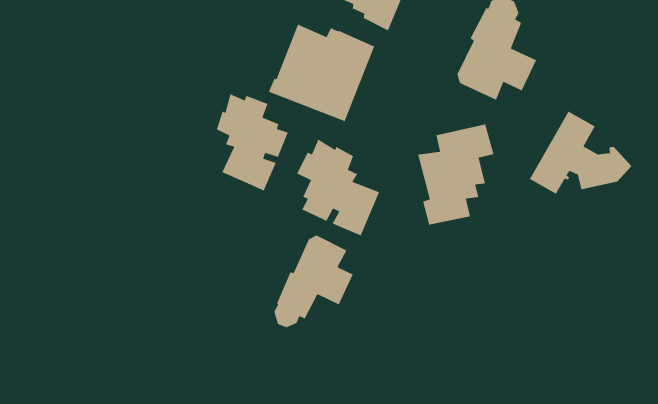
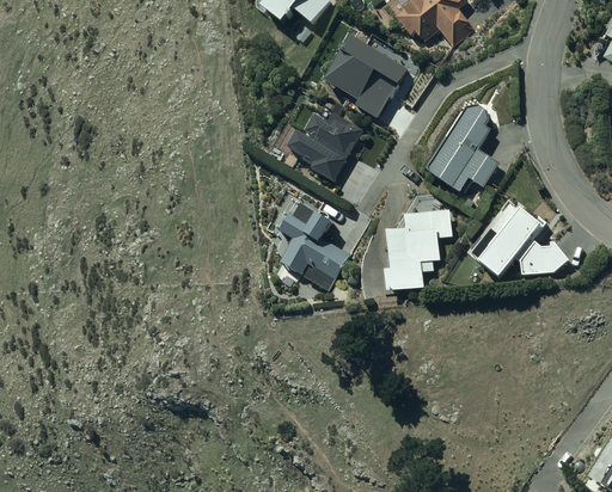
building: [216,93,289,191] -> none
building: [274,235,354,328] -> none

